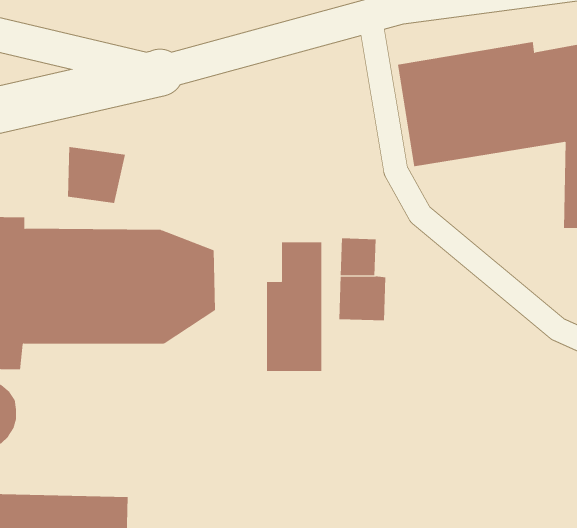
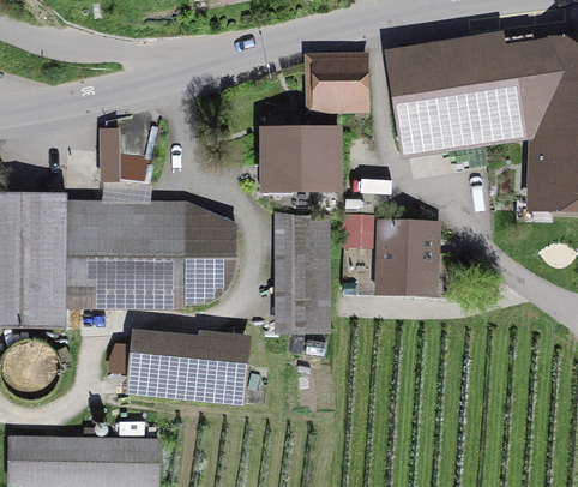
building: none -> [312,52,361,101]
building: none -> [267,130,336,186]
building: none -> [384,226,433,285]
building: none -> [128,333,246,399]

